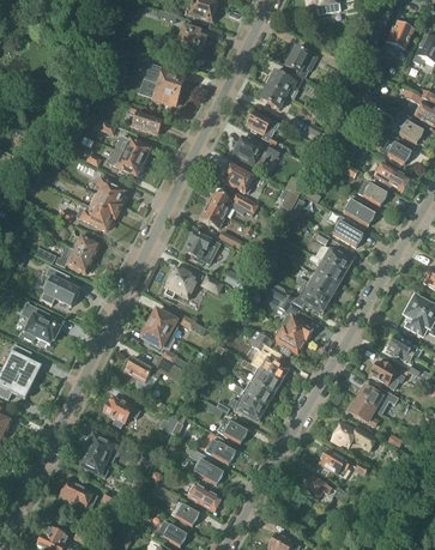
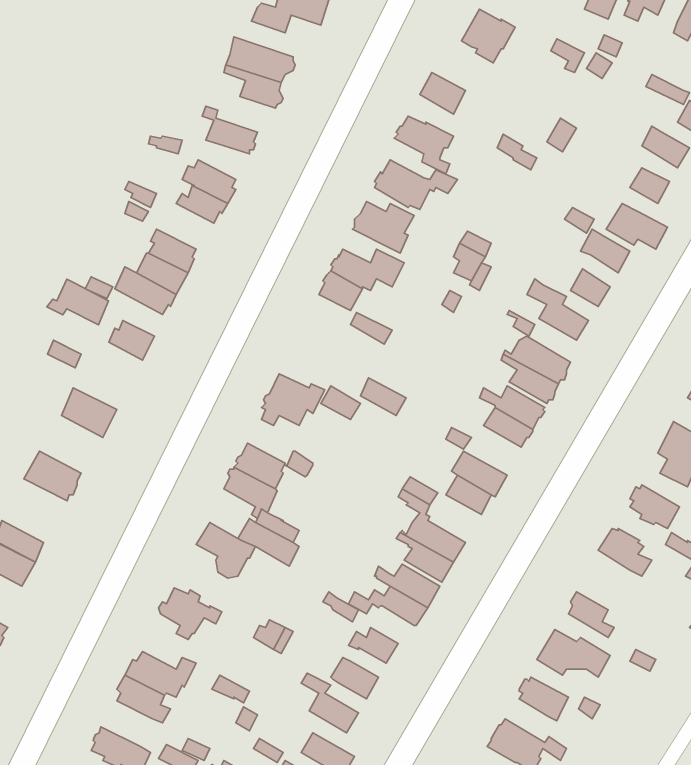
building: [266,69,304,99] -> none
building: [183,231,220,265] -> none
building: [55,246,92,273] -> [47,279,108,325]
building: [355,386,398,413] -> none

